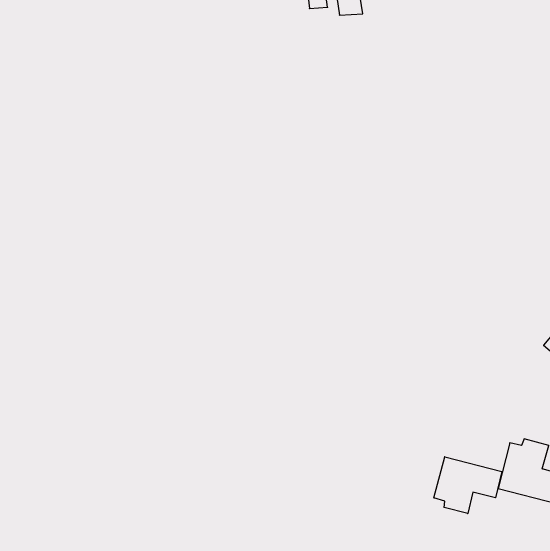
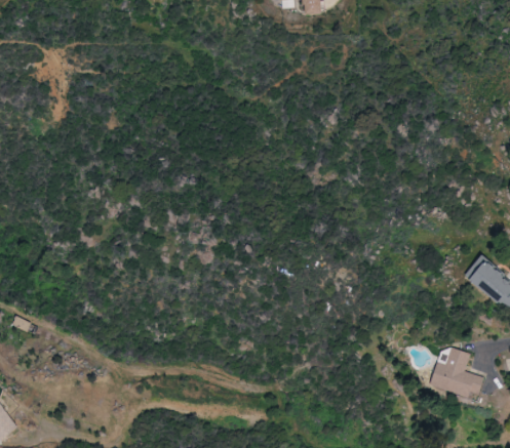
building: [434,457,502,514] -> none

